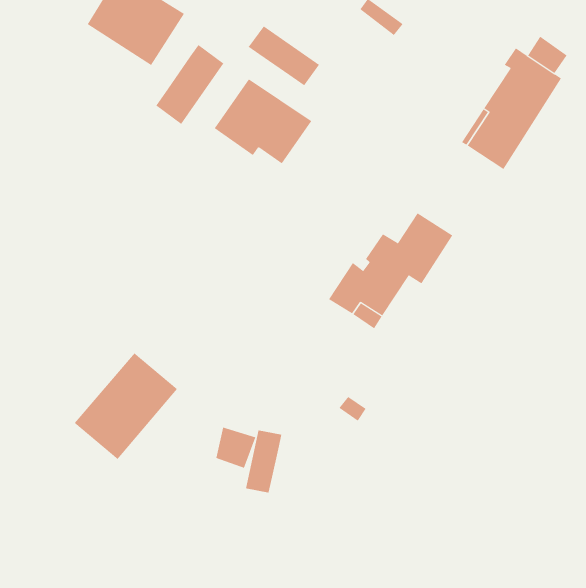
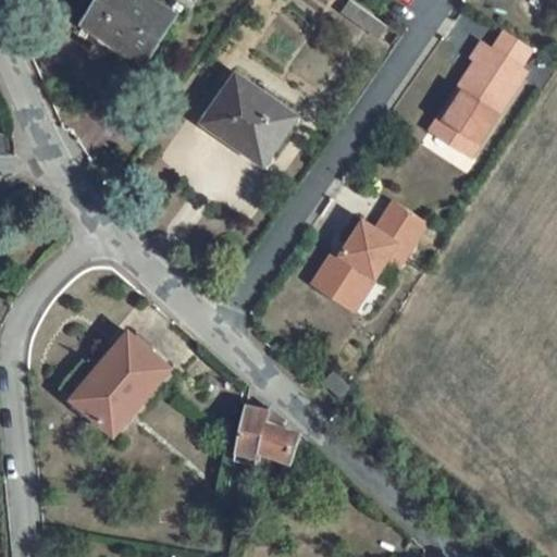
building: [248,25,320,86] -> none
building: [155,44,224,125] -> none
building: [216,427,256,469] -> [257,420,295,459]

